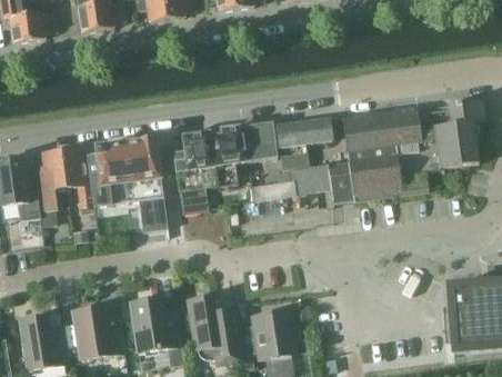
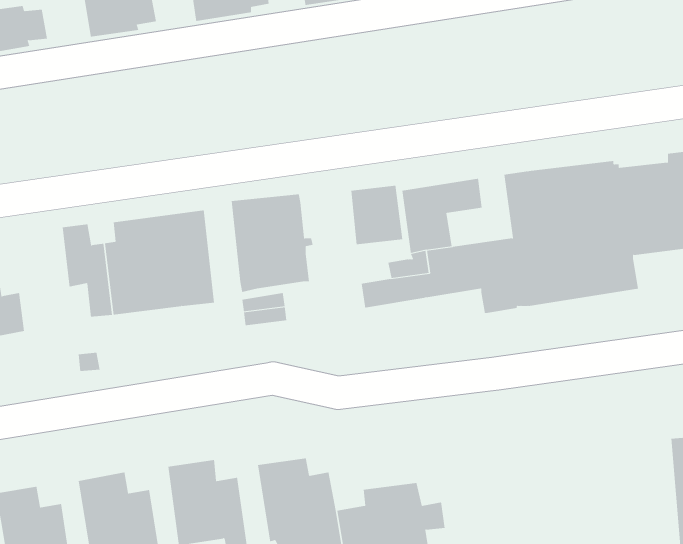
building: [214,127,249,185] -> none
building: [41,150,68,225] -> none
building: [139,198,163,229] -> none

